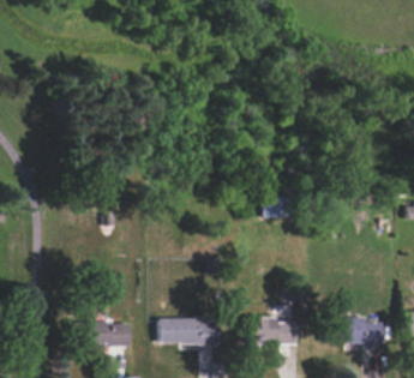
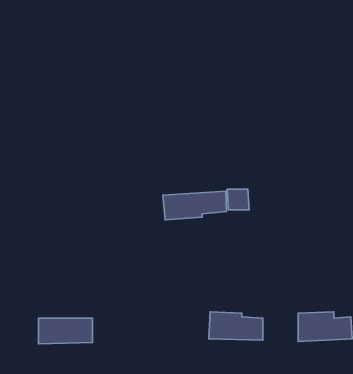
building: none -> [163,191,226,220]
building: [160,317,220,344] -> none

